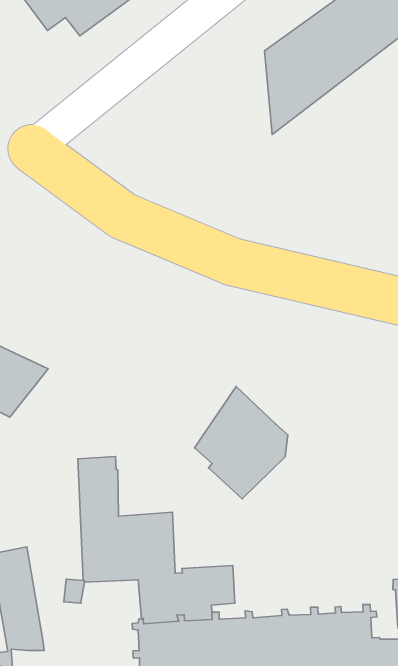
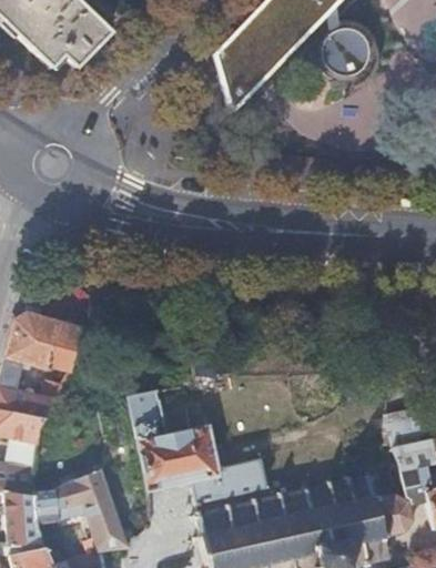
building: [194,387,288,499] -> none

